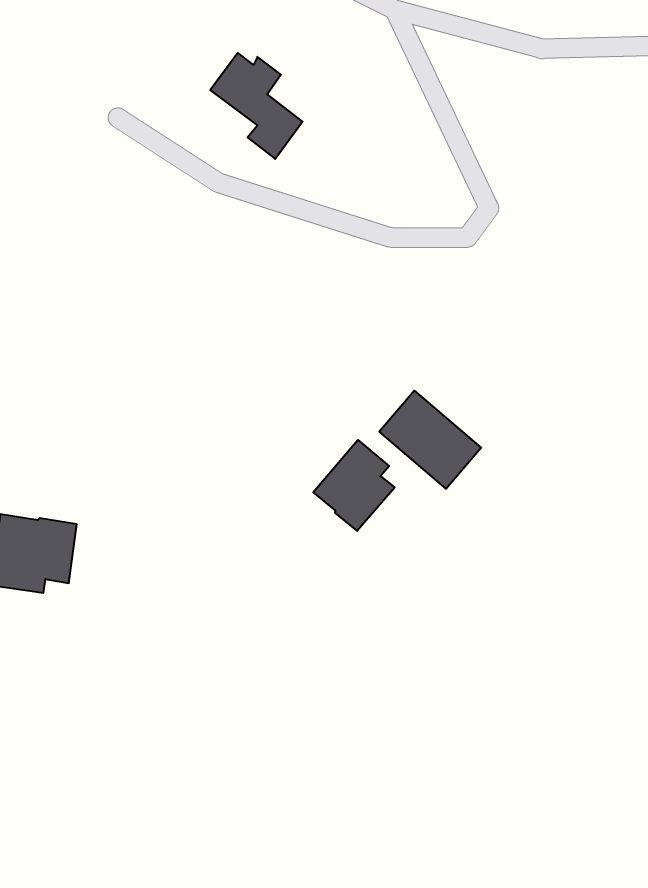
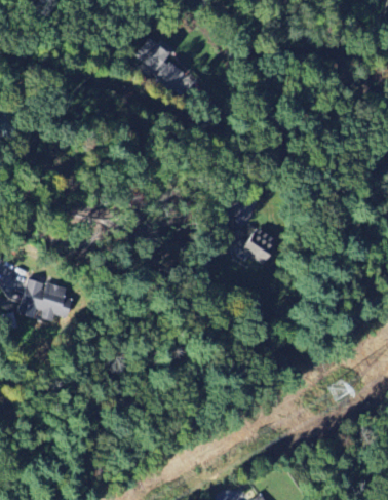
building: [313,440,395,531] -> none

